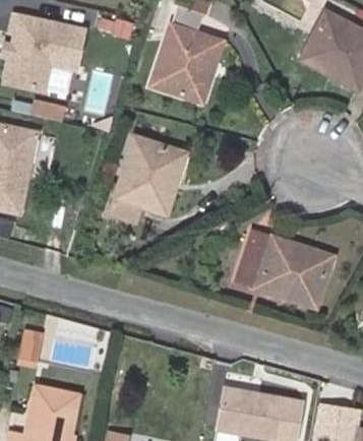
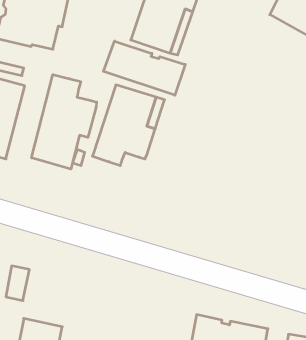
building: none -> [103,41,185,95]
building: none -> [32,75,97,169]
building: [237,231,331,306] -> none

